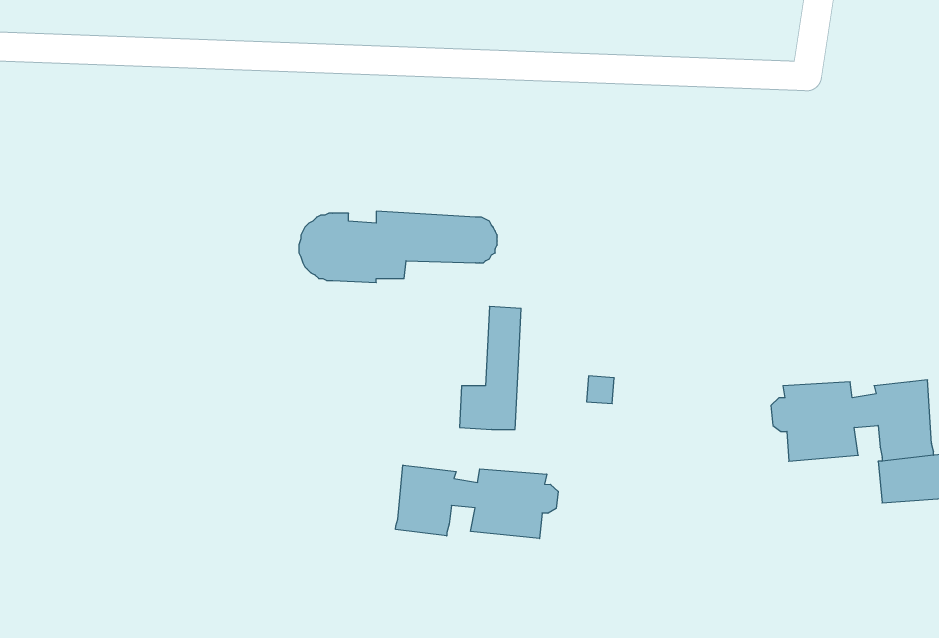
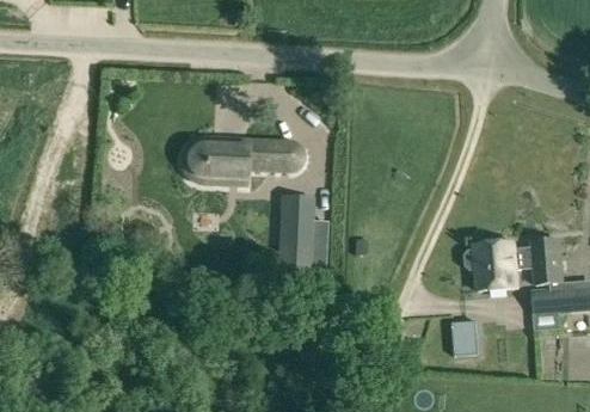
building: [396,465,558,539] -> none
building: none -> [451,320,478,355]

